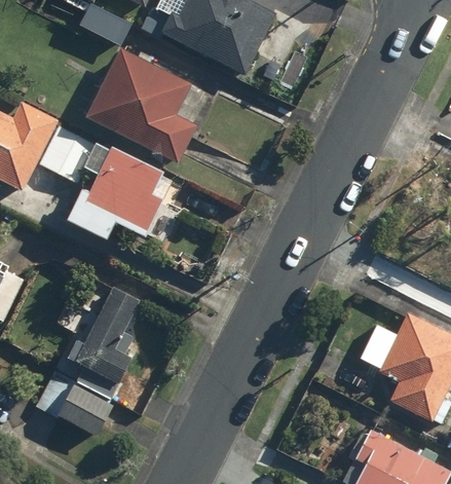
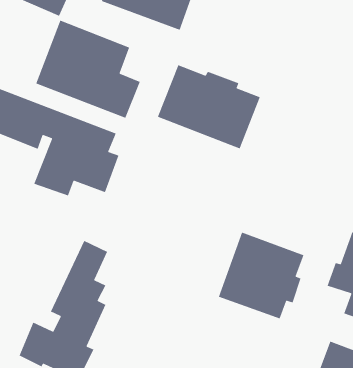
building: none -> [157,64,261,149]
building: none -> [218,232,304,320]

